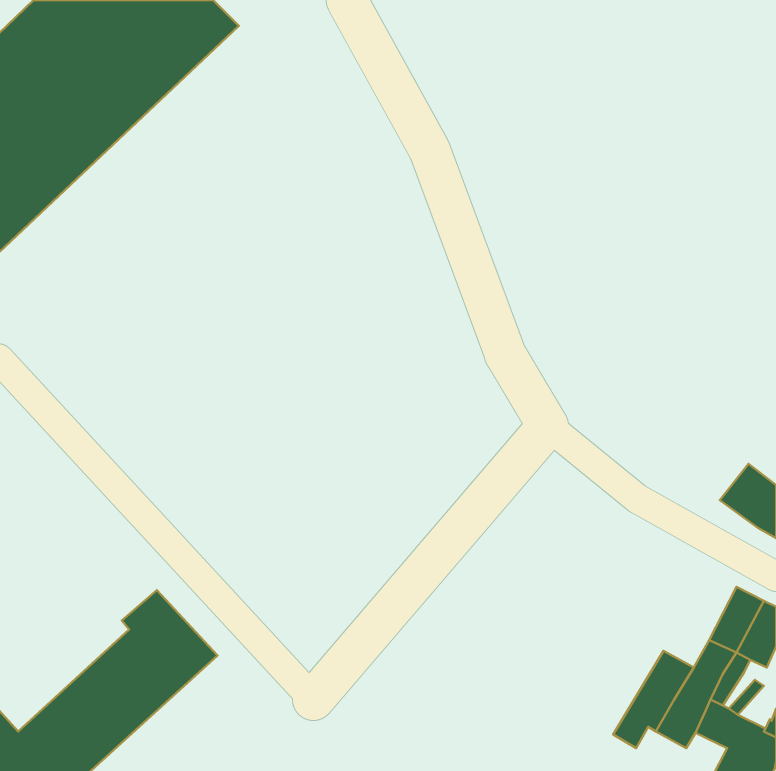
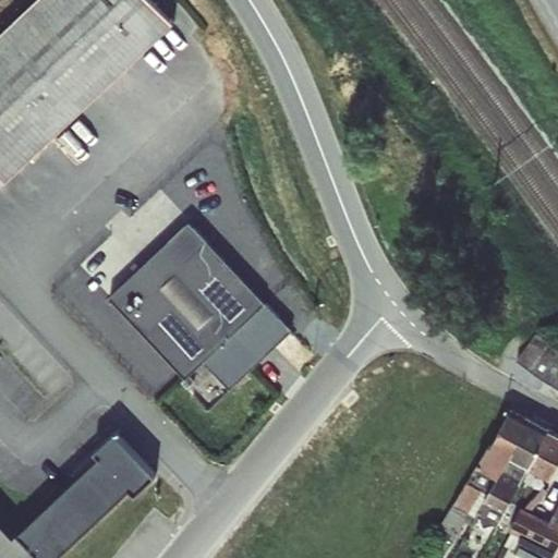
building: none -> [107,218,294,390]
building: none -> [475,415,527,483]

